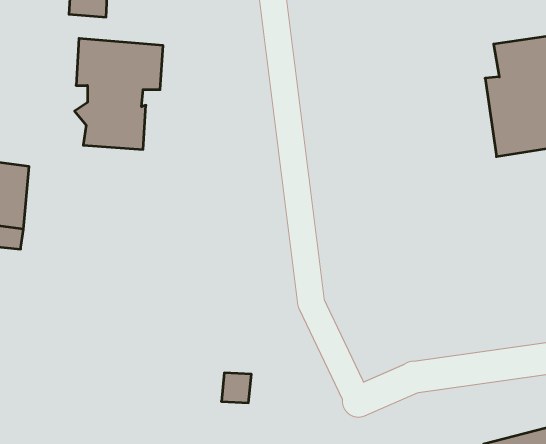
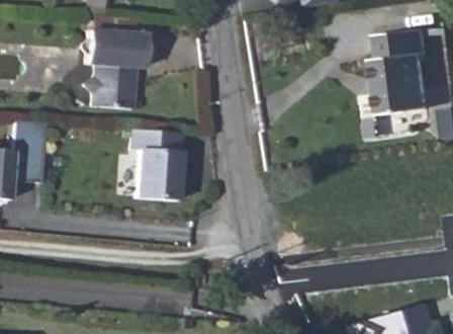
building: none -> [129,130,184,202]

